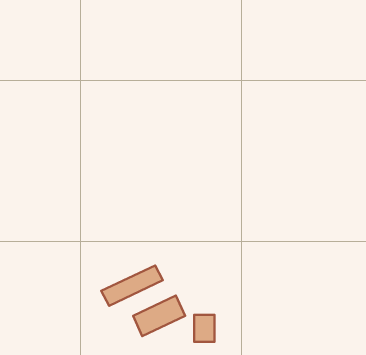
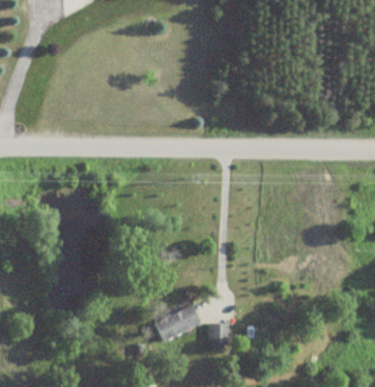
building: [101,265,163,306] -> none

